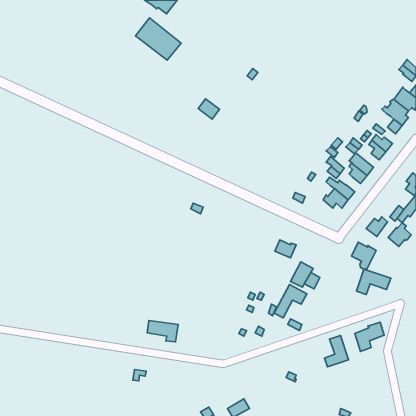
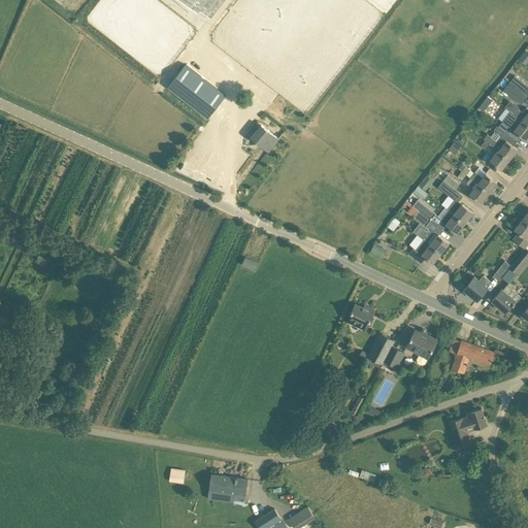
building: [135,18,181,60] -> [167,65,225,119]
building: [352,242,376,269] -> [405,331,436,365]
building: [274,285,307,318] -> none
building: [147,321,178,342] -> [208,474,248,501]
building: [325,335,349,367] -> none

